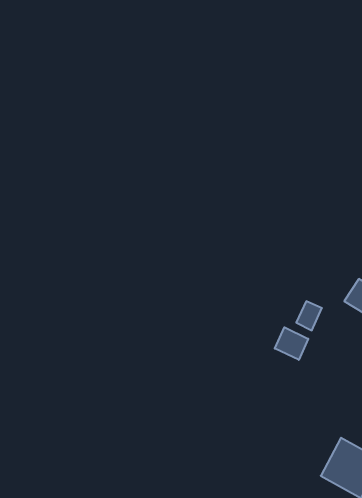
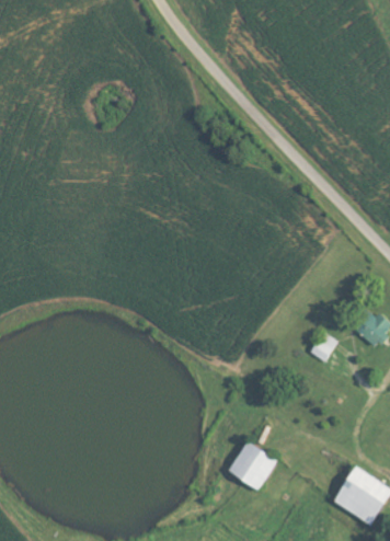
building: [275,327,308,360] -> none
building: none -> [228,440,277,490]

